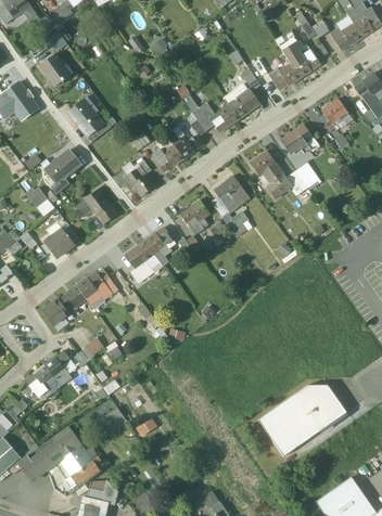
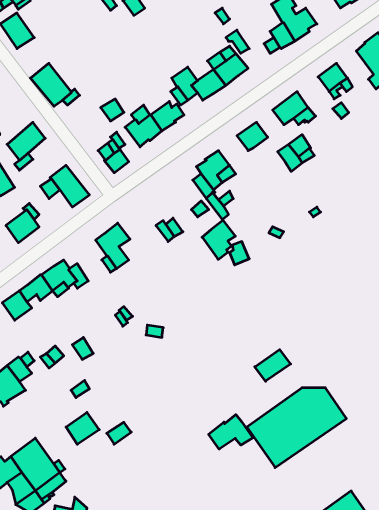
building: [263,164,291,198] -> none
building: [180,199,209,234] -> [202,220,235,259]
building: [143,227,175,256] -> none
building: none -> [255,350,291,381]
building: none -> [209,415,253,449]

